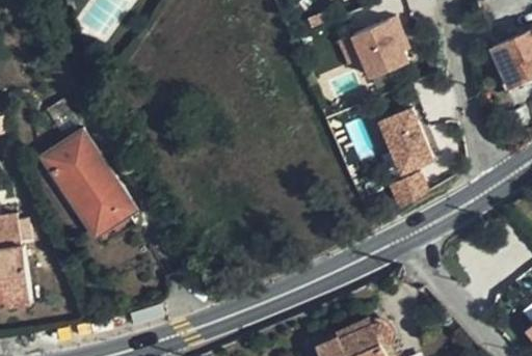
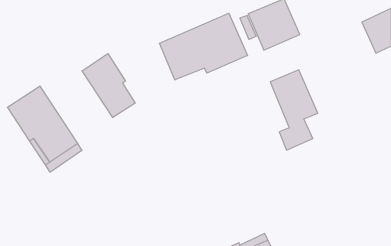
building: none -> [160,13,247,80]
building: none -> [82,54,135,118]

